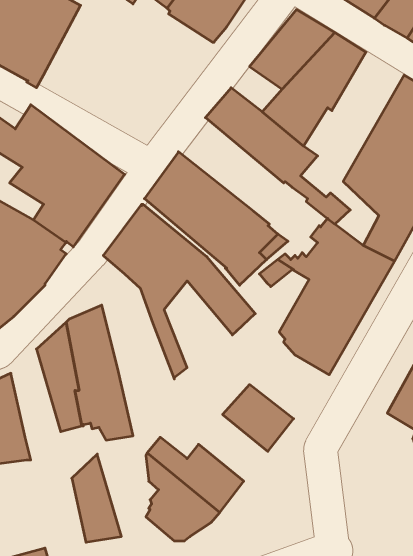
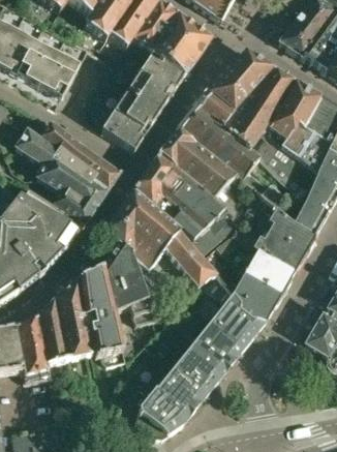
building: none -> [101,52,184,149]
building: none -> [250,80,324,174]
building: none -> [197,90,235,123]
building: none -> [159,127,236,195]
building: none -> [103,241,156,322]
building: none -> [202,270,269,346]
building: none -> [174,343,224,392]
building: [72,454,121,542] -> [37,296,73,360]

